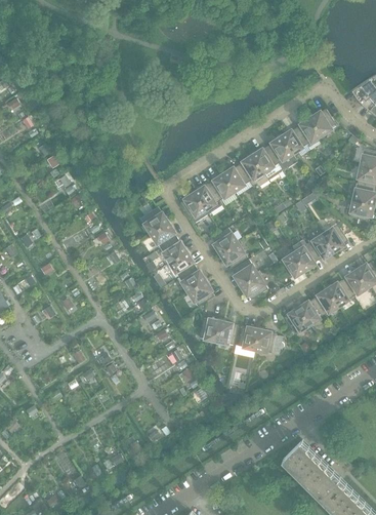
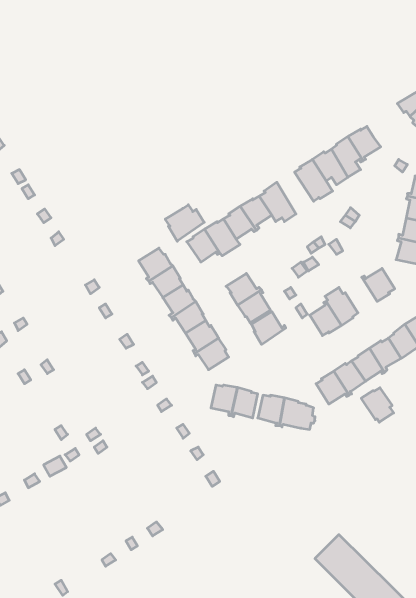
building: [251,146,281,180] -> none
building: none -> [165,205,204,241]
building: [306,231,332,260] -> none
building: [239,272,266,300] -> none
building: none -> [361,388,394,422]

